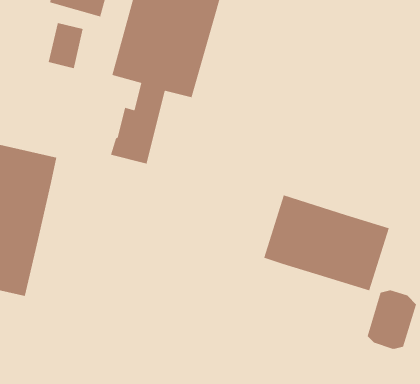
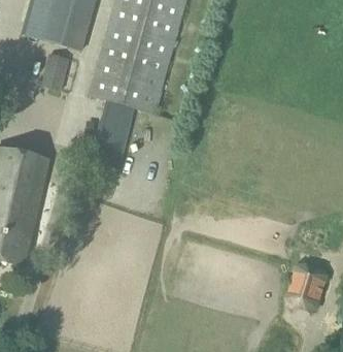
building: [263,195,390,291] -> none

